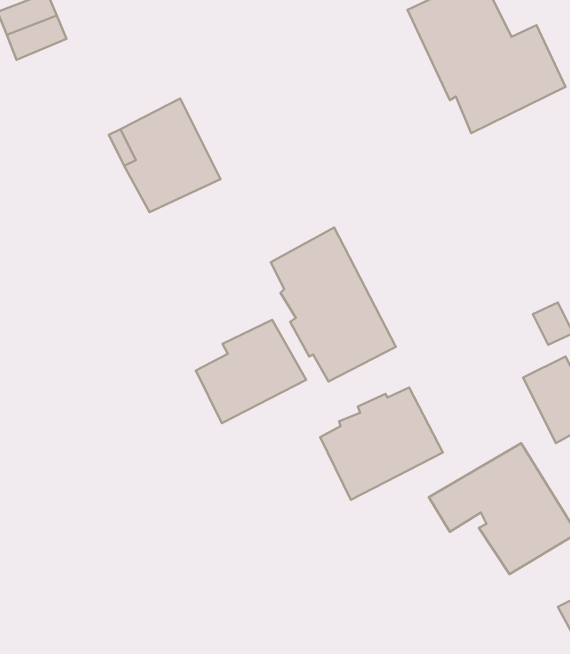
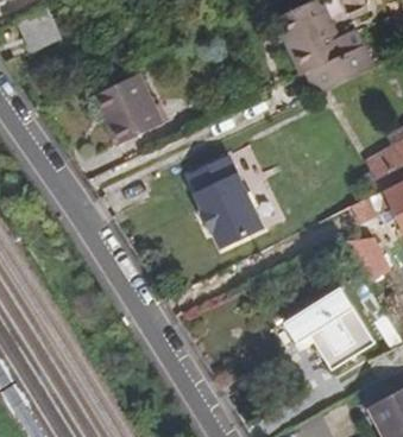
building: [196,320,306,423] -> none
building: [320,388,443,500] -> none

